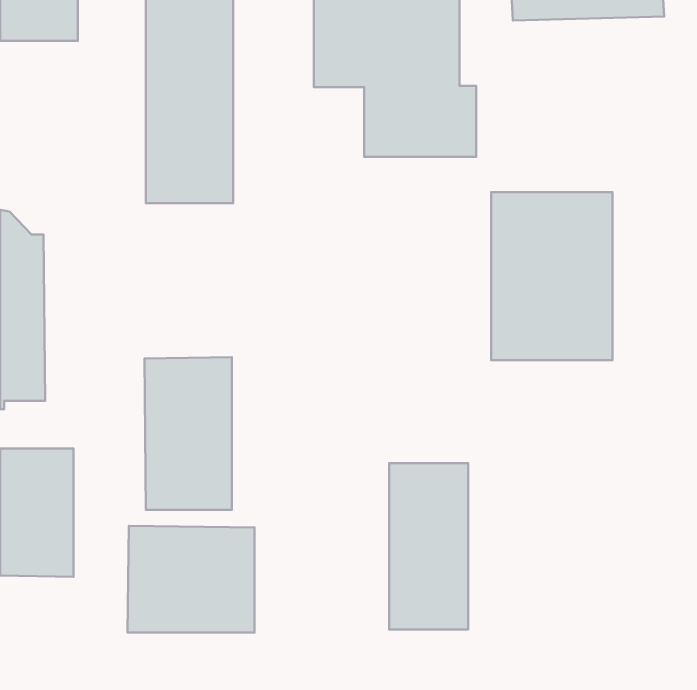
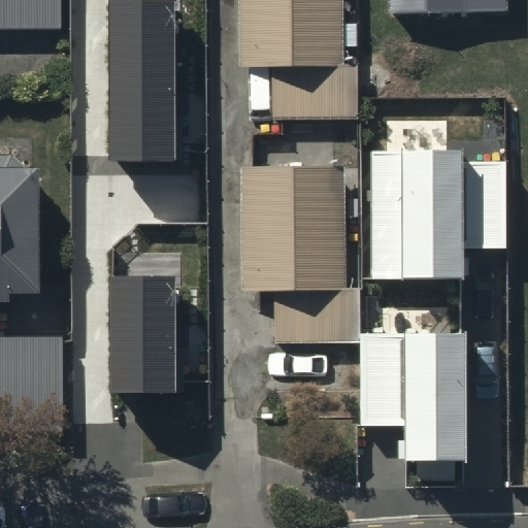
building: none -> [237,171,359,344]
building: [389,463,468,629] -> [405,329,465,455]
building: [128,526,254,632] -> none

